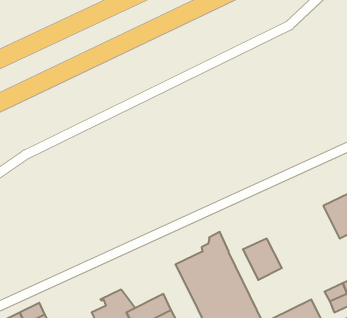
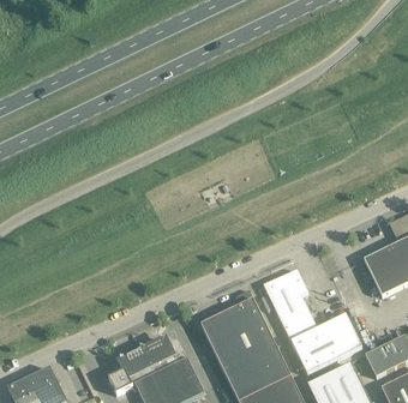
building: none -> [263,267,307,306]
building: none -> [290,312,361,372]
building: none -> [139,337,179,371]

